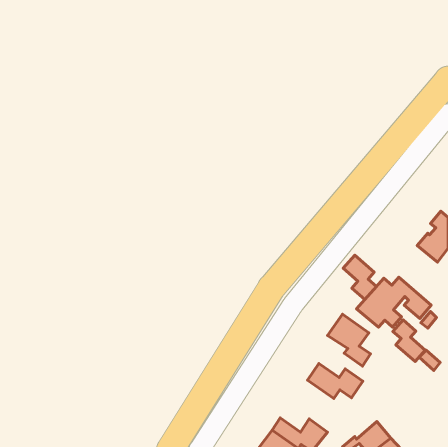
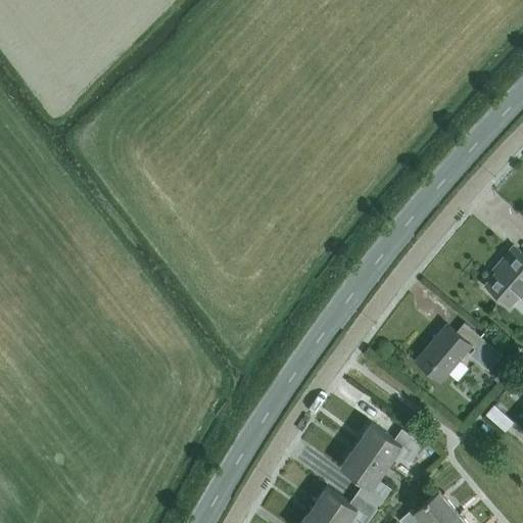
building: [343,255,376,300] -> none
building: [328,314,371,366] -> [340,444,390,505]
building: [393,320,425,362] -> none

